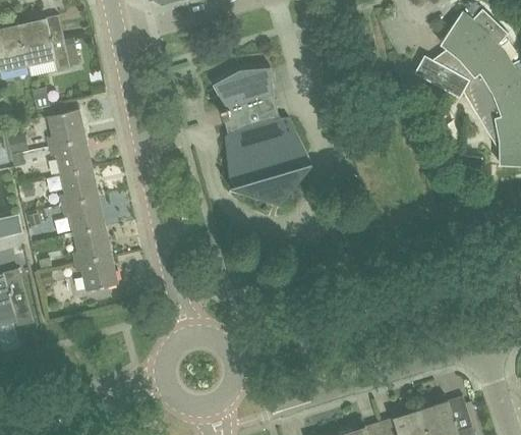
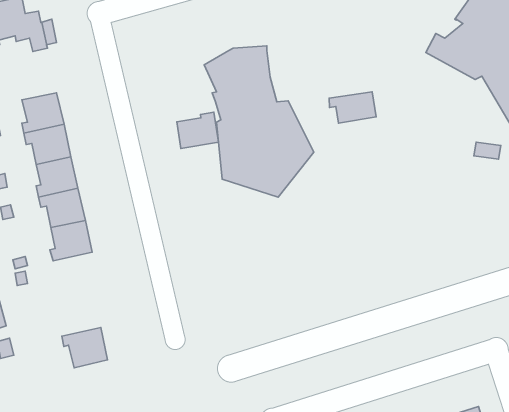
building: none -> [329,92,376,123]
building: none -> [177,112,218,148]
building: [75,255,117,291] -> [62,327,108,368]

